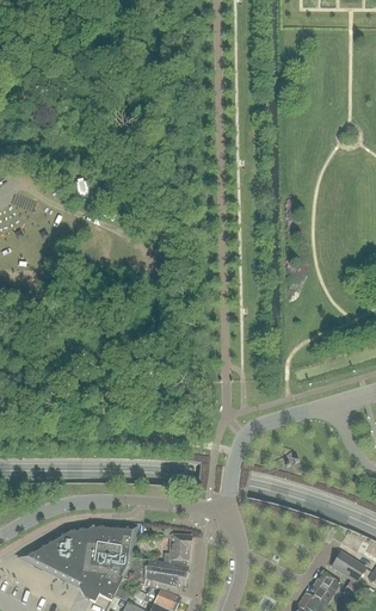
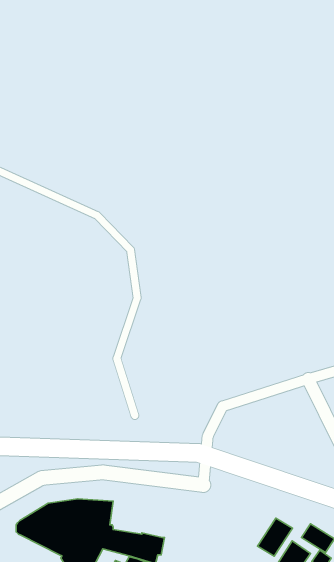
building: [165,533,191,566] -> none
building: none -> [257,518,292,556]

